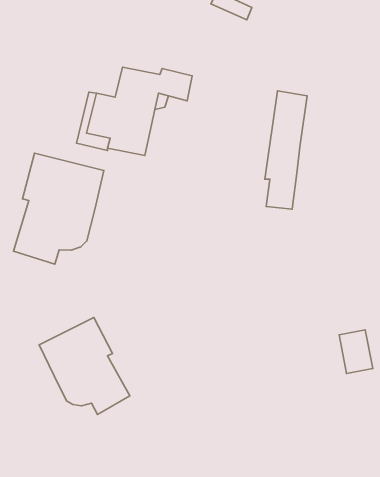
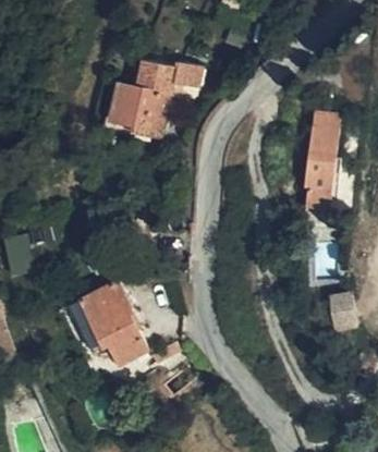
building: [265,91,307,209] -> [306,108,343,211]
building: [13,153,104,264] -> none

